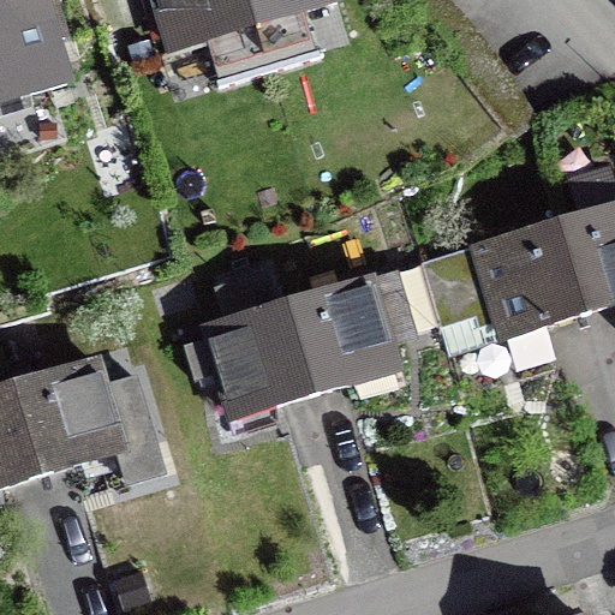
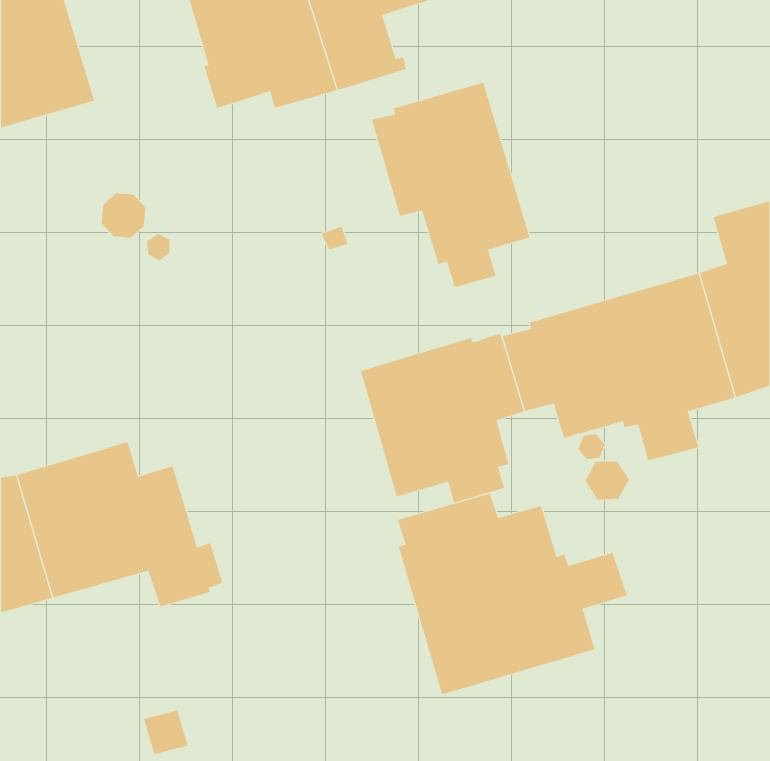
building: none -> [372,82,530,288]
building: [180,268,316,432] -> none
building: none -> [397,493,628,695]

